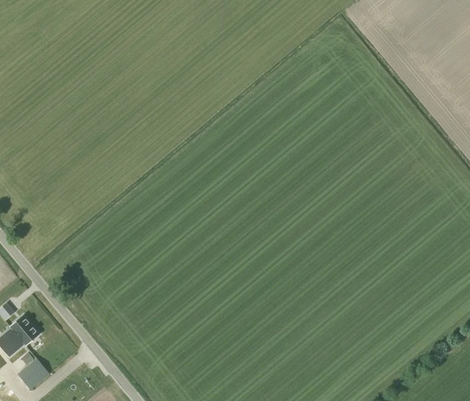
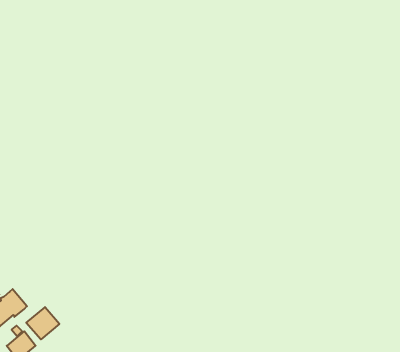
building: none -> [26,307,59,339]

